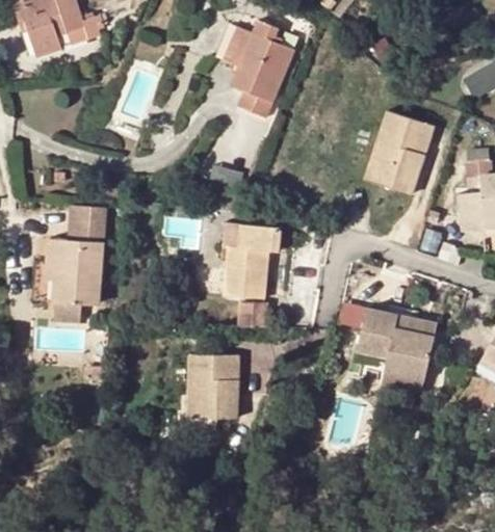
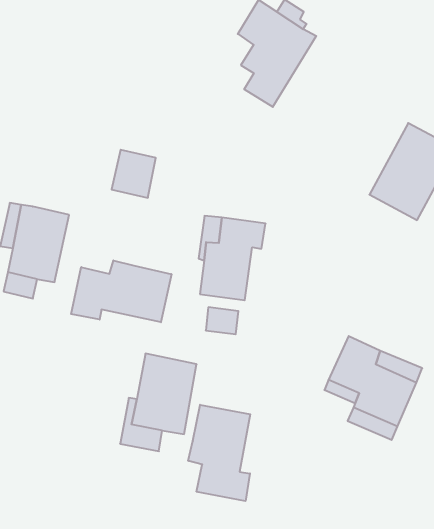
building: [70,204,104,242] -> [112,150,156,198]
building: none -> [71,260,171,322]
building: none -> [188,405,250,501]

